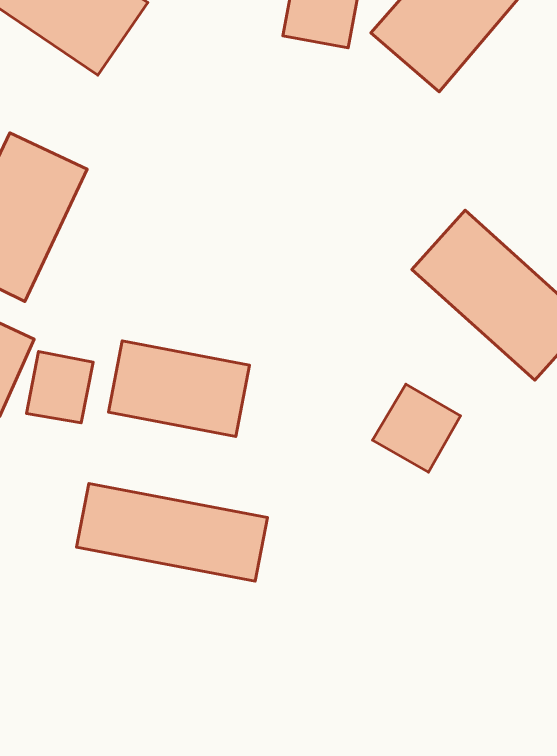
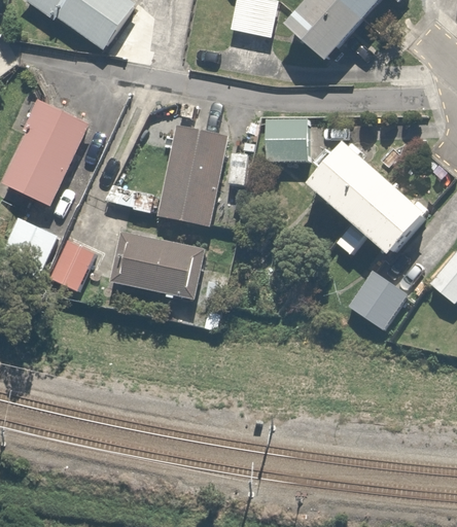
building: none -> [260,117,308,162]
building: none -> [155,124,250,226]
building: [372,384,460,472] -> [346,268,406,327]
building: [76,483,267,581] -> none

